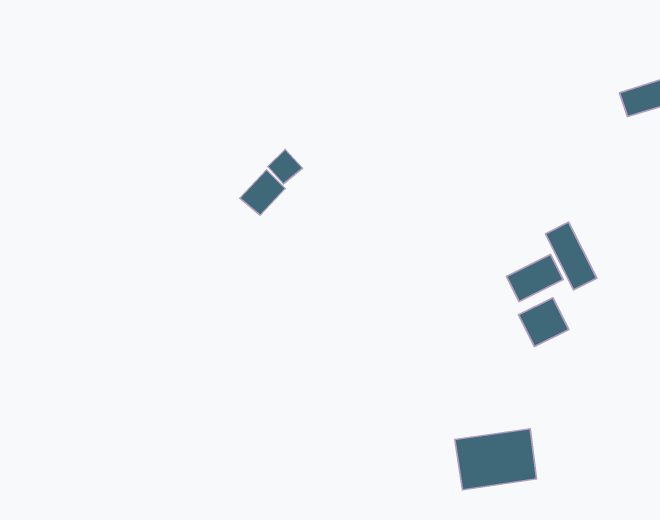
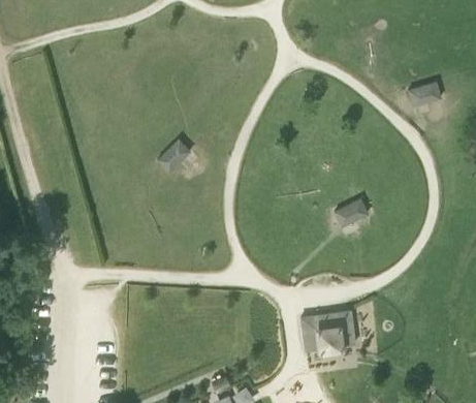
building: [545,222,597,290] -> none
building: [519,298,569,347] -> none

